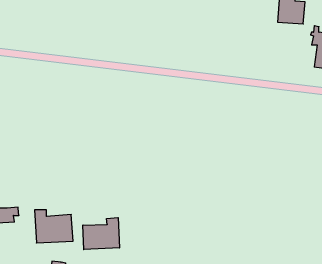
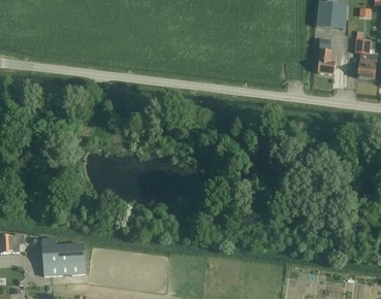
building: none -> [317,37,336,73]
building: [83,218,119,250] -> none

